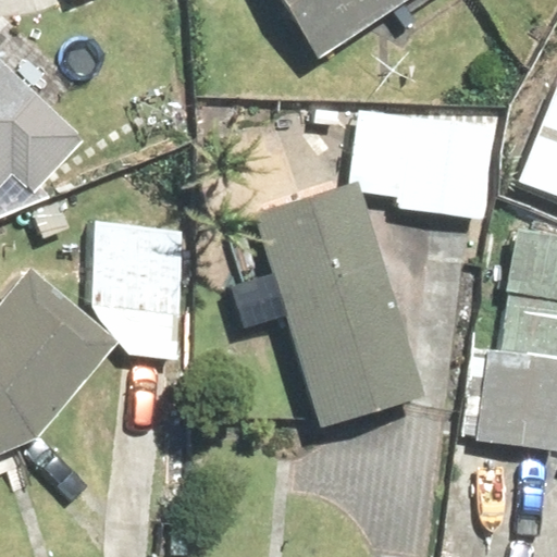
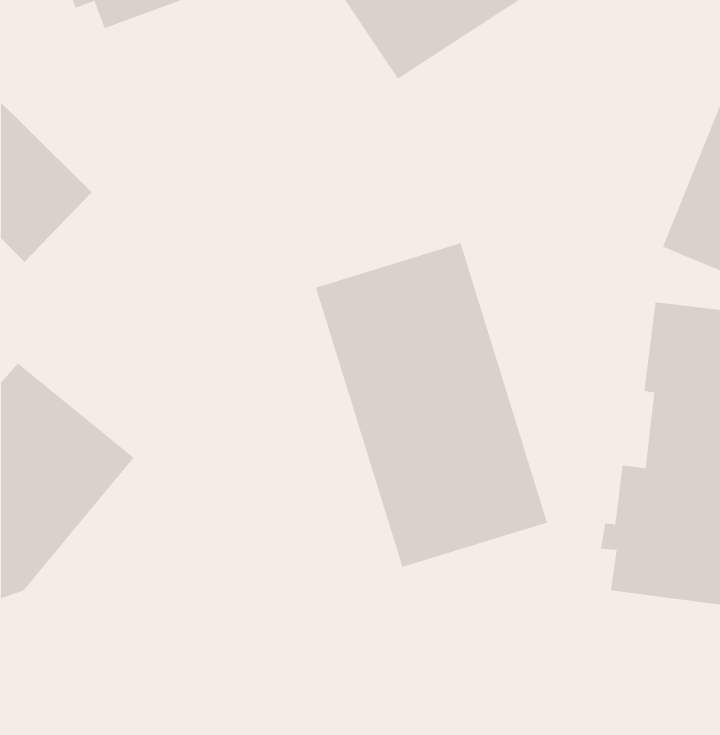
building: [357,98,502,208] -> none
building: [83,212,193,317] -> none

